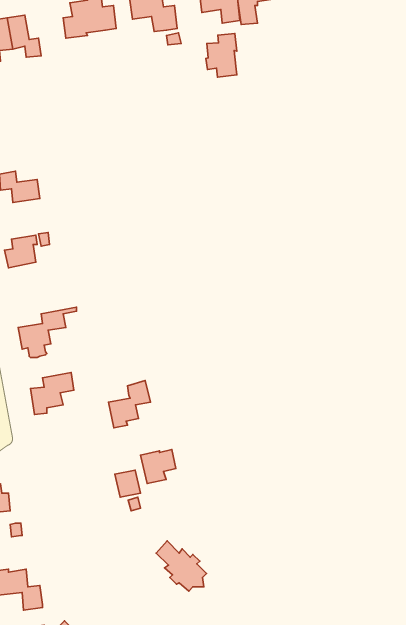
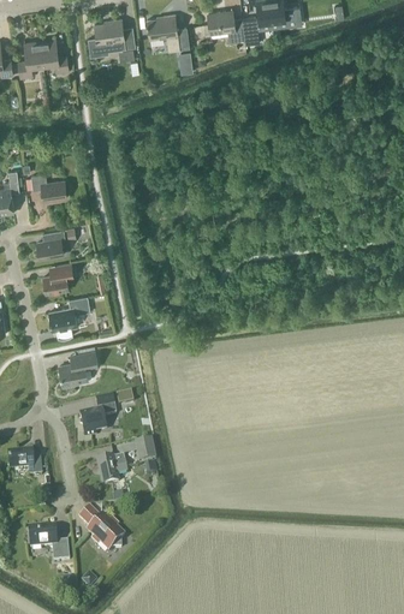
building: [206,33,237,77] -> none
building: none -> [42,264,73,294]
building: [108,380,151,428] -> [79,395,117,437]
building: [140,450,176,484] -> [96,455,127,485]
building: [156,541,206,591] -> [79,507,124,552]

